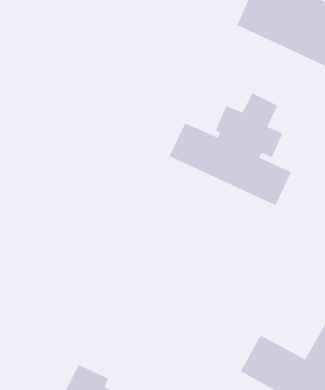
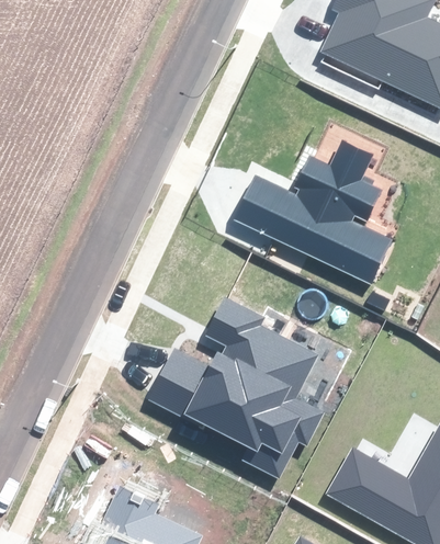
building: none -> [147,295,323,478]

